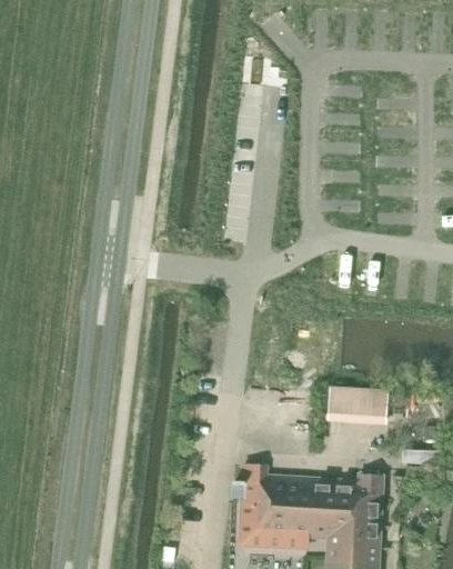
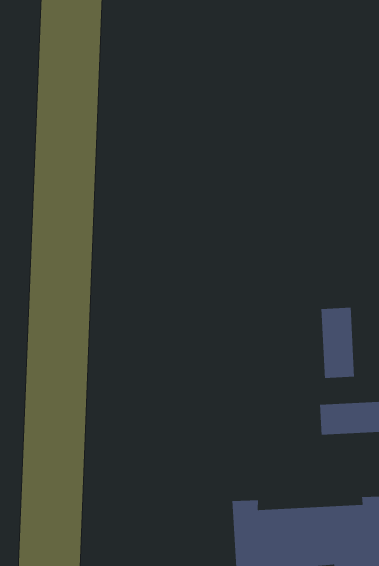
building: none -> [320,307,355,379]

